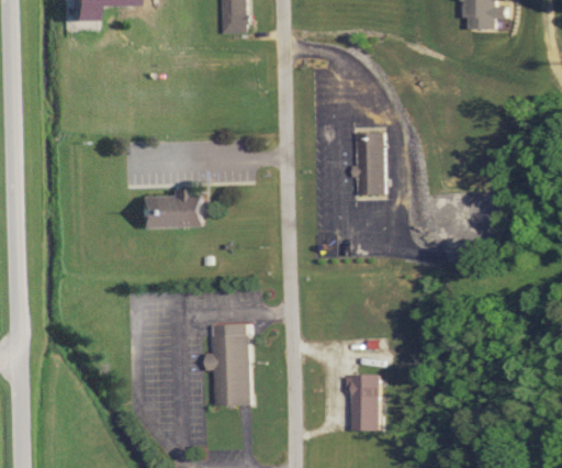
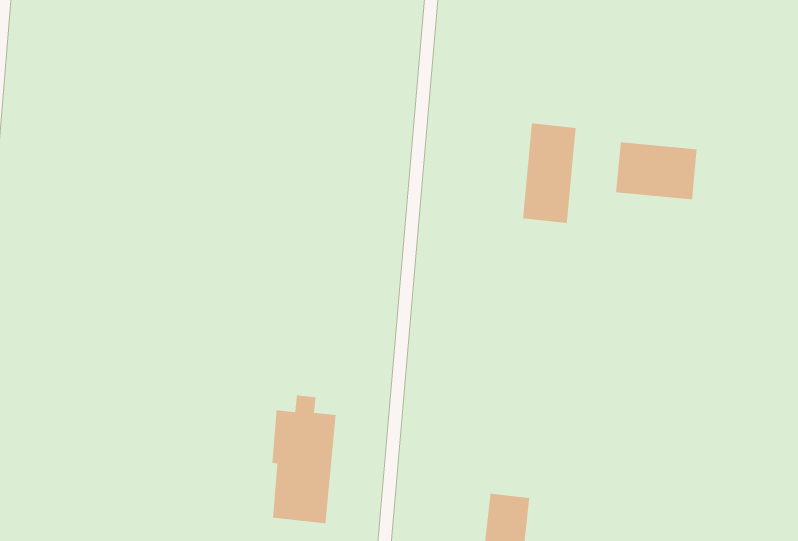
building: none -> [615,142,698,200]
building: [137,193,203,229] -> none

